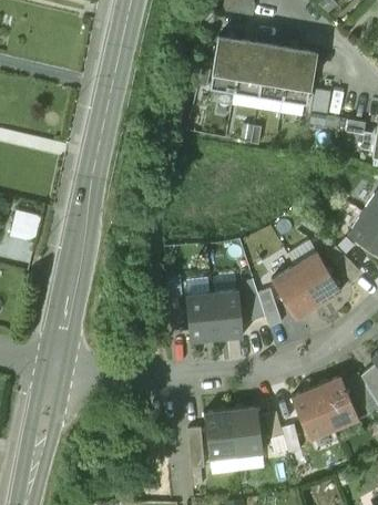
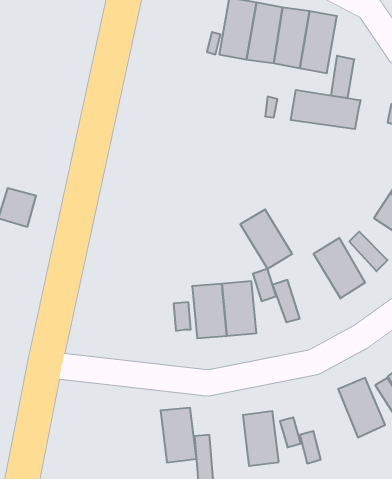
building: none -> [291,90,360,129]
building: [272,267,318,320] -> [240,209,292,269]
building: [292,388,334,441] -> none
building: [204,411,236,460] -> [161,408,196,462]

